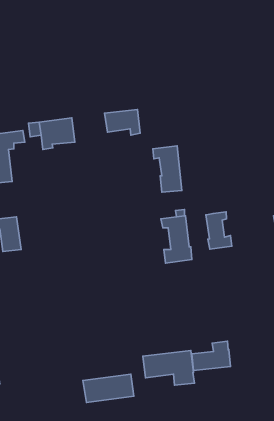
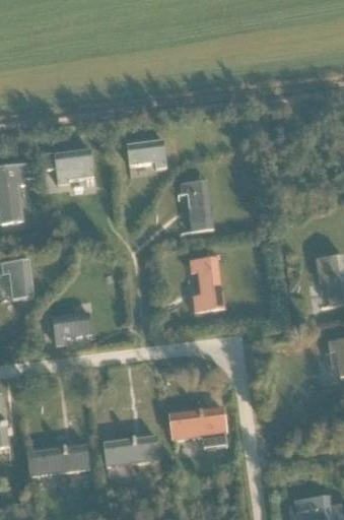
building: [206,212,232,249] -> none
building: none -> [52,312,90,344]
building: [192,341,230,371] -> none
building: none -> [25,444,90,480]

